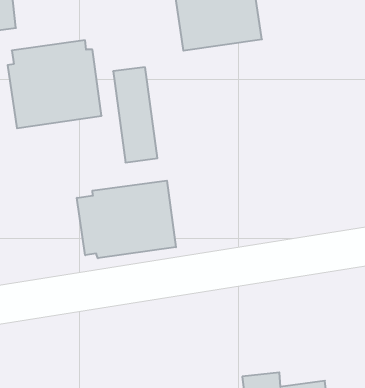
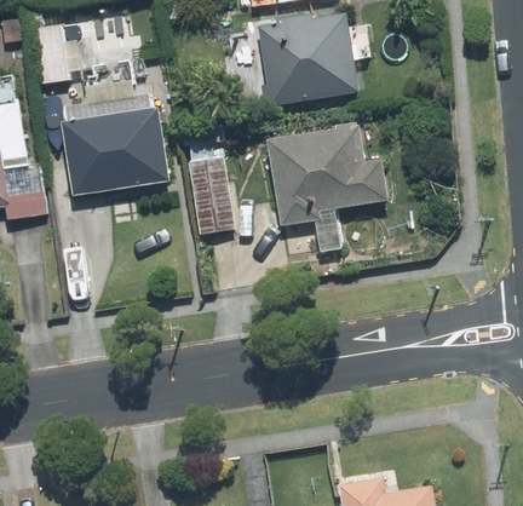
building: none -> [268,121,389,225]
building: [77,181,176,258] -> none

